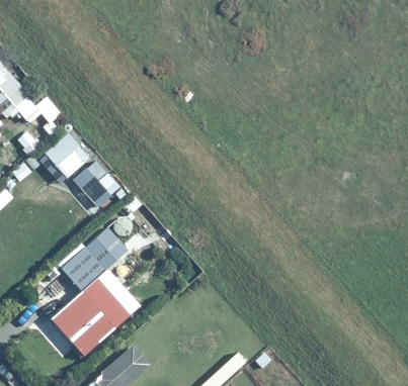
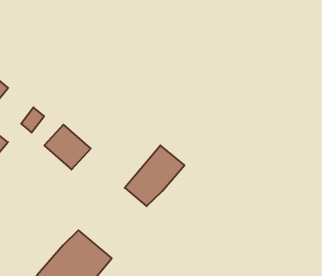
building: [60,225,129,290] -> [125,145,184,206]

